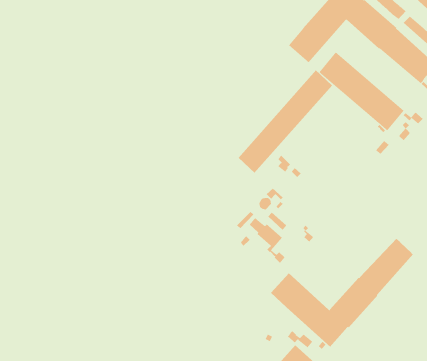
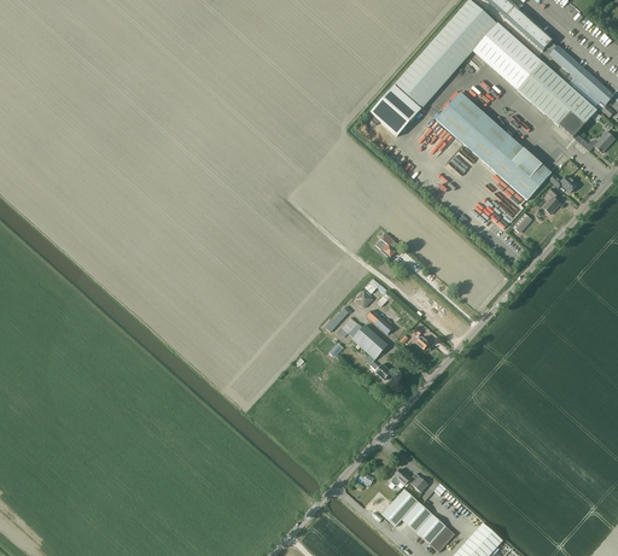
building: none -> [371,84,421,135]
building: [238,70,333,174] -> none
building: [270,238,414,348] -> none

